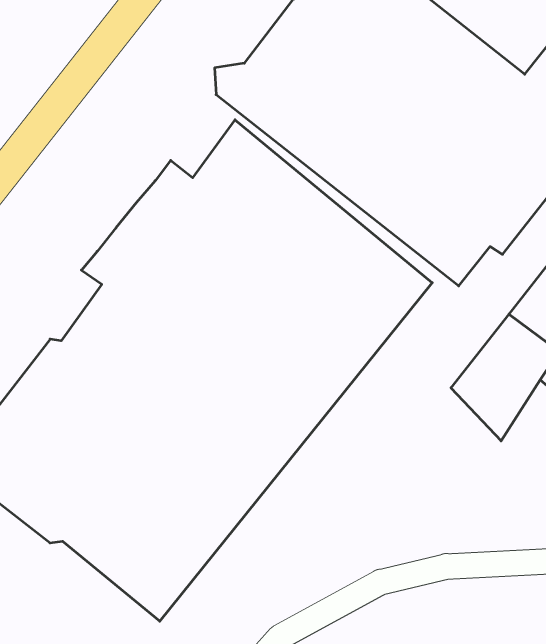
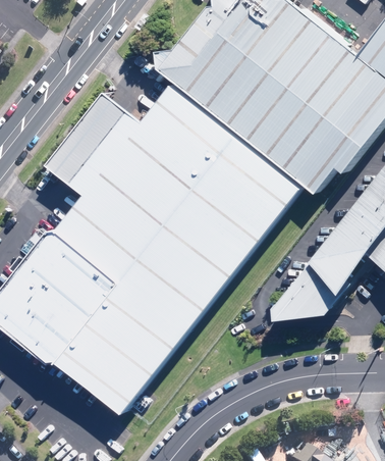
building: none -> [48,94,127,185]
building: none -> [273,261,342,321]

